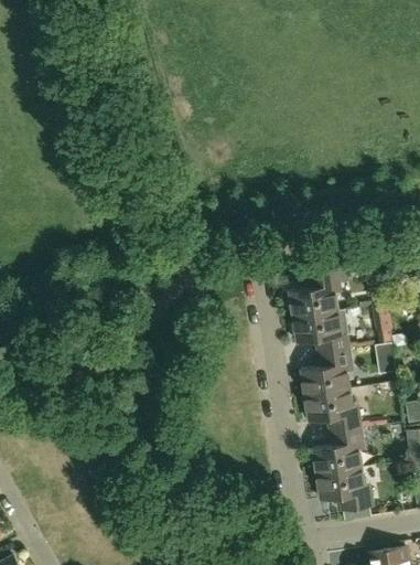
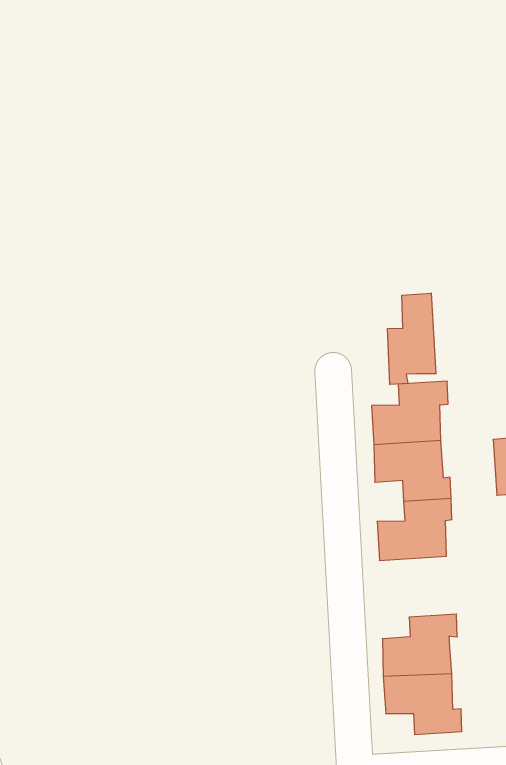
building: none -> [388,293,436,385]
building: [304,388,360,433] -> none

